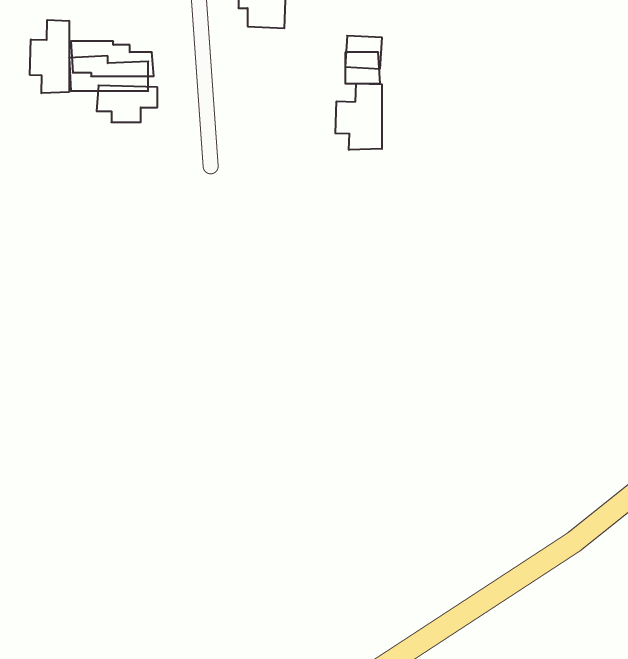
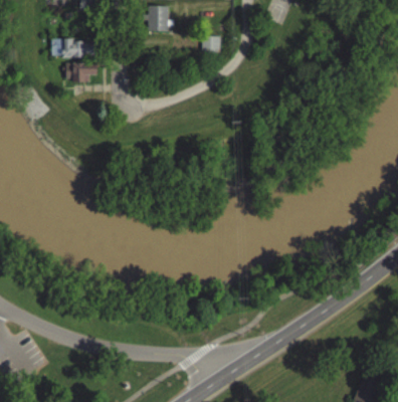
building: [30,20,69,93] -> none
building: [335,84,382,150] -> none

